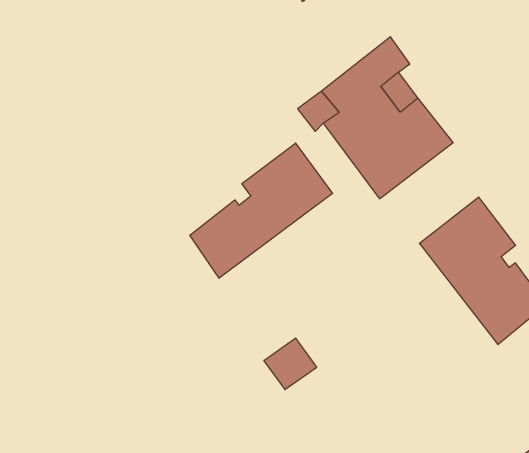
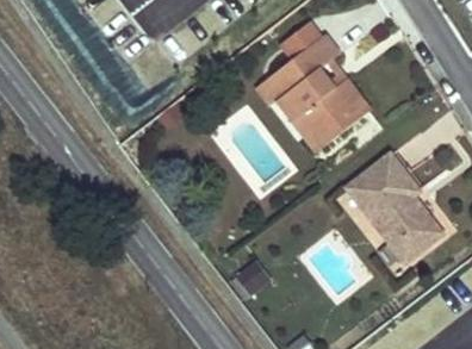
building: [190,143,333,278] -> none

